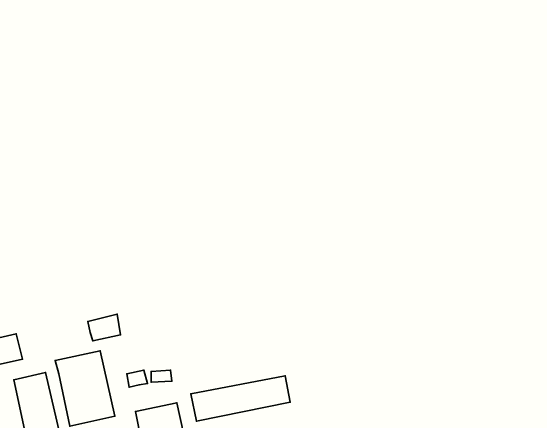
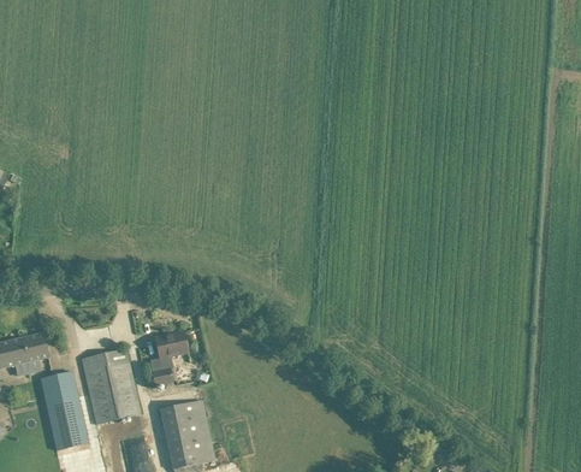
building: [88,314,121,341] -> [155,331,188,358]
building: [191,376,290,421] -> none

